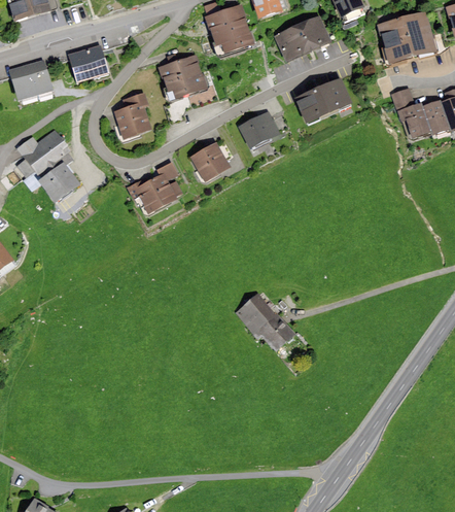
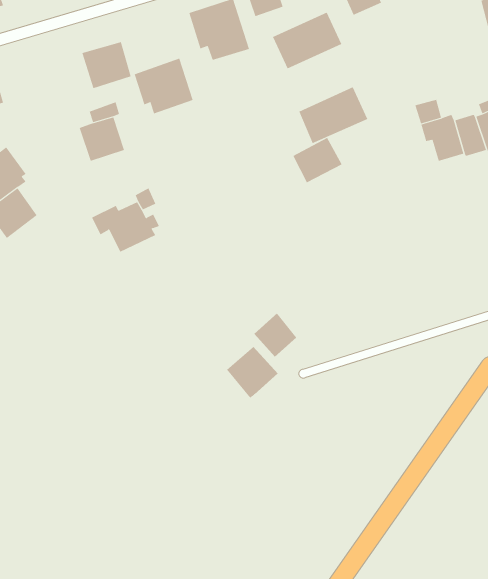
building: [377,11,436,65] -> none
building: [67,44,108,83] -> [82,42,131,89]
building: [239,110,280,148] -> [293,137,343,183]
building: [189,143,230,183] -> none
building: [258,314,294,351] -> [253,313,297,358]

